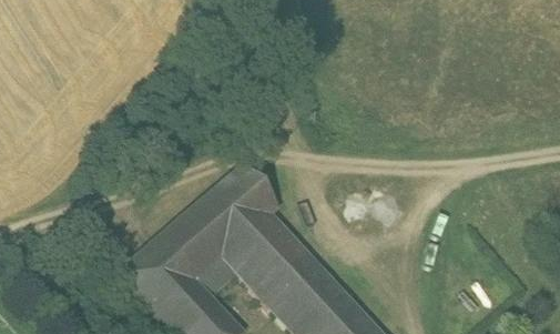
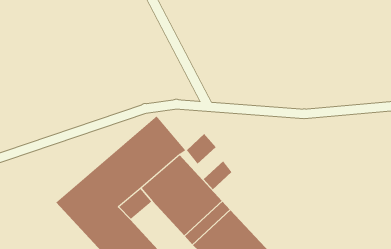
building: none -> [186,133,217,165]
building: none -> [203,160,232,190]

